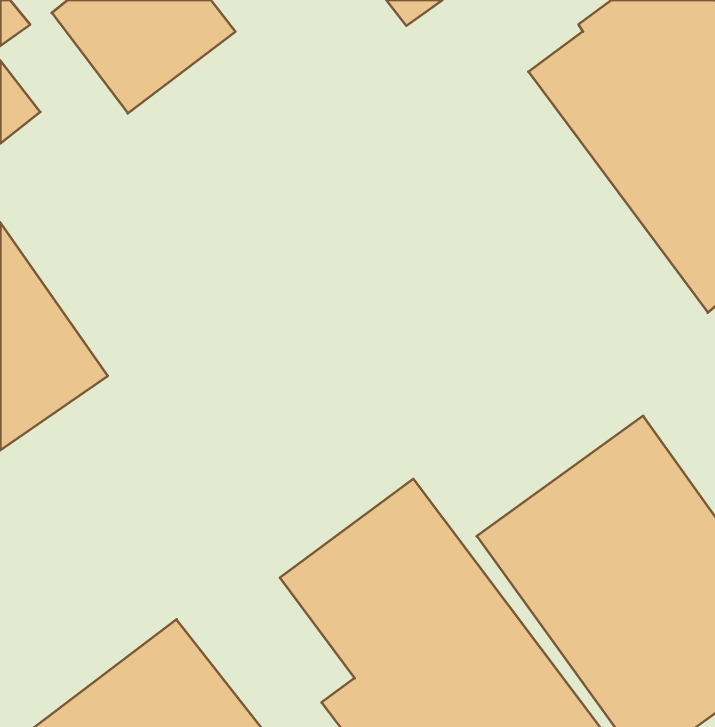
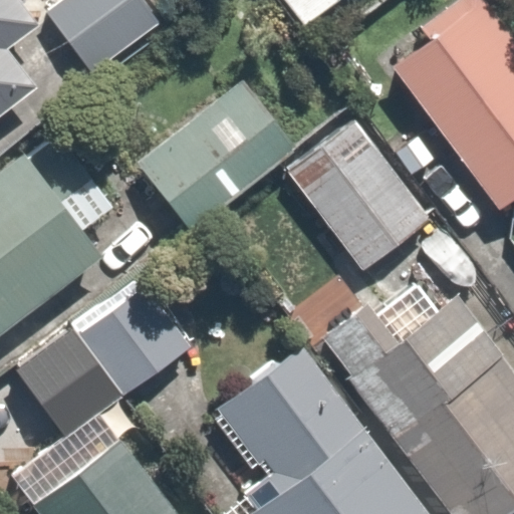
building: none -> [118,75,282,227]
building: none -> [272,114,437,284]
building: none -> [23,273,194,435]

